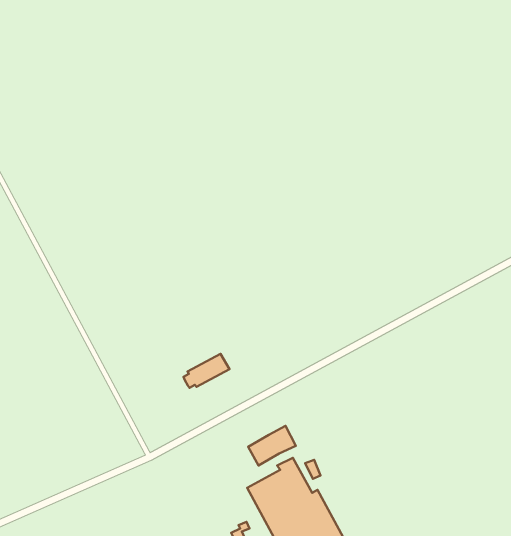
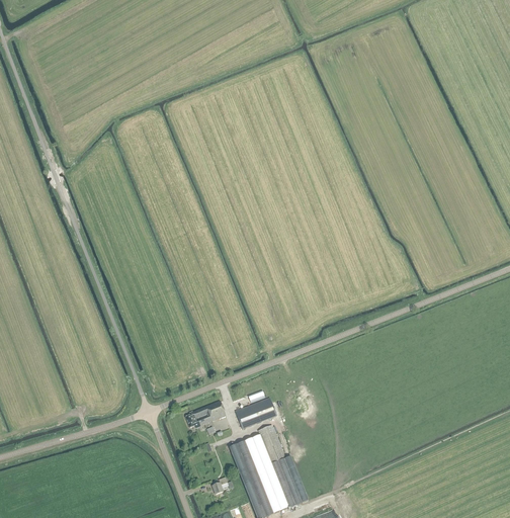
building: [183,354,229,388] -> [185,401,226,427]

